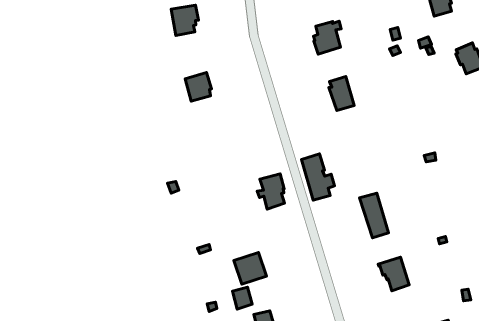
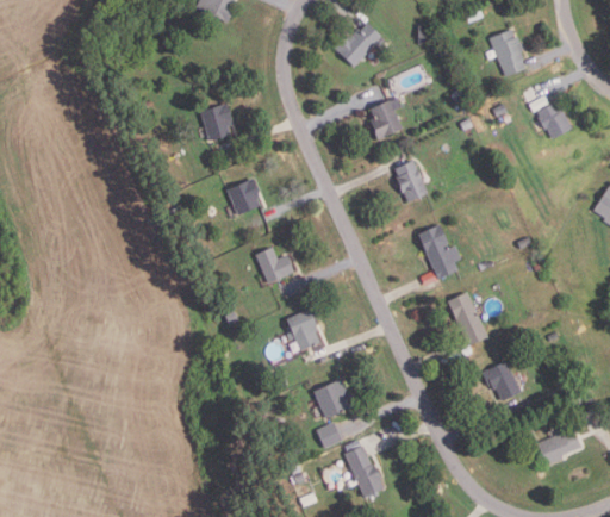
building: none -> [256,248,294,284]
building: [301,154,335,200] -> [418,224,461,279]
building: [257,174,284,209] -> [286,310,319,353]

